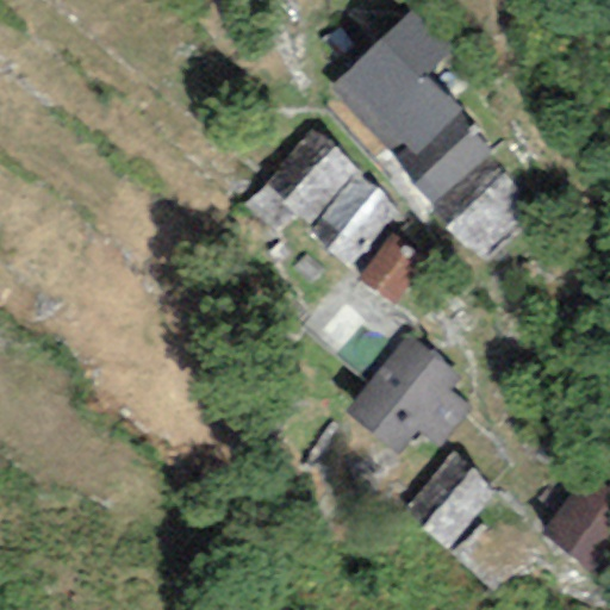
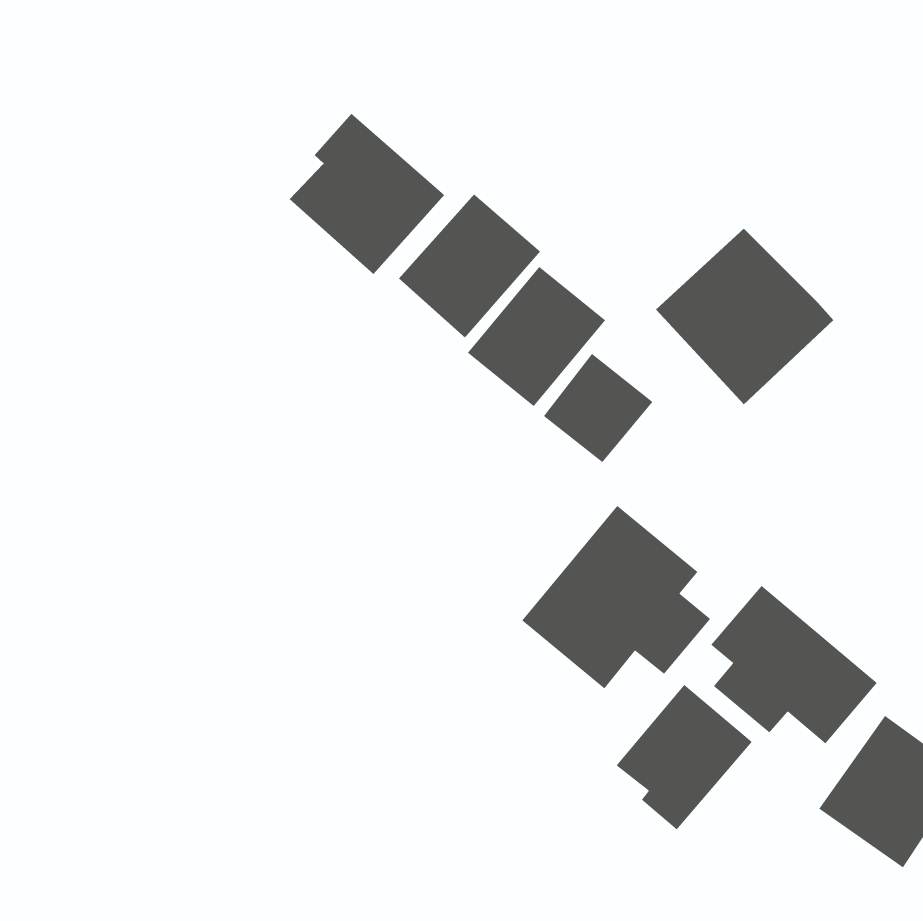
building: [331,7,491,204] -> none
building: none -> [289,113,445,275]
building: none -> [710,585,878,745]

